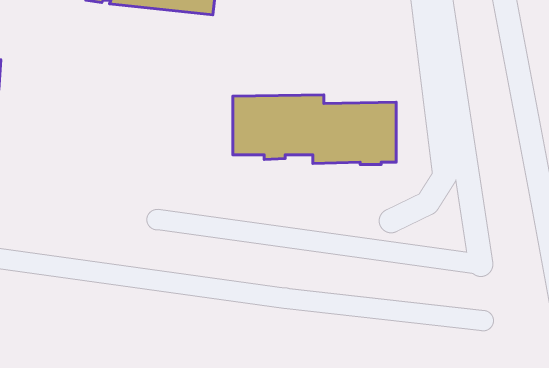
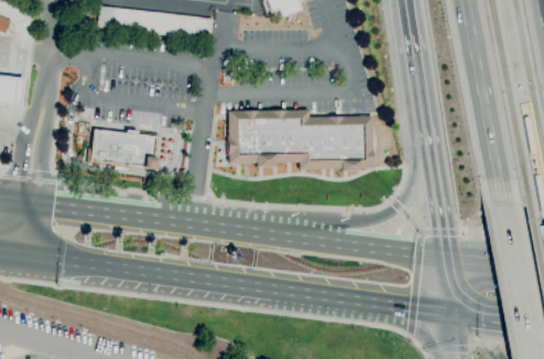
building: none -> [88,129,159,170]

